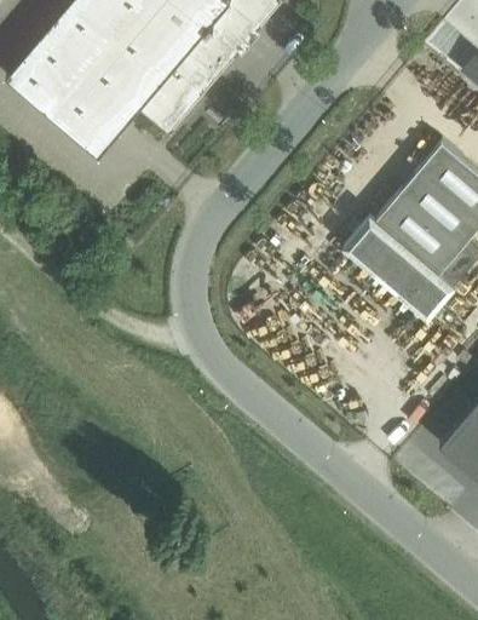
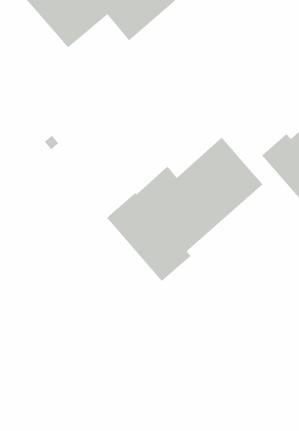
building: none -> [106,137,264,282]

